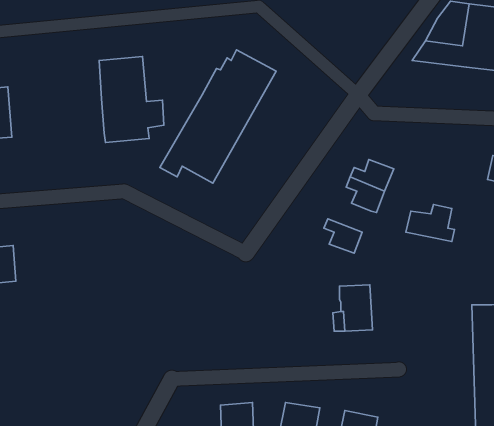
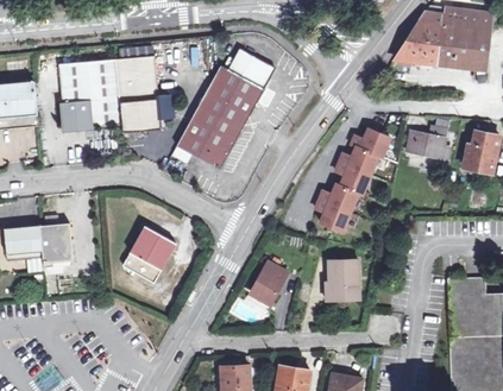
building: none -> [56,58,118,137]
building: none -> [351,130,390,158]
building: none -> [319,184,358,213]
building: [406,205,455,242] -> [405,126,449,159]
building: none -> [36,222,68,265]
building: none -> [118,229,170,282]
building: none -> [251,264,288,304]

